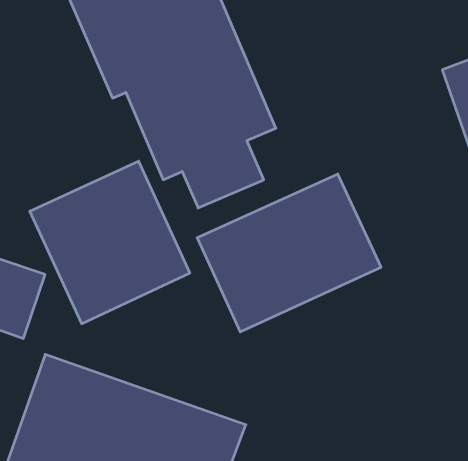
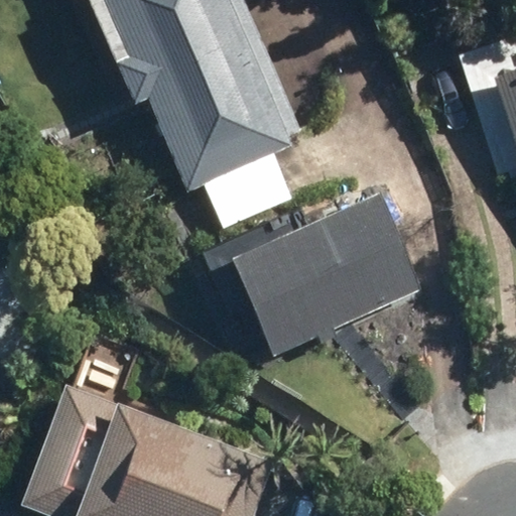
building: [30,161,190,324] -> none

